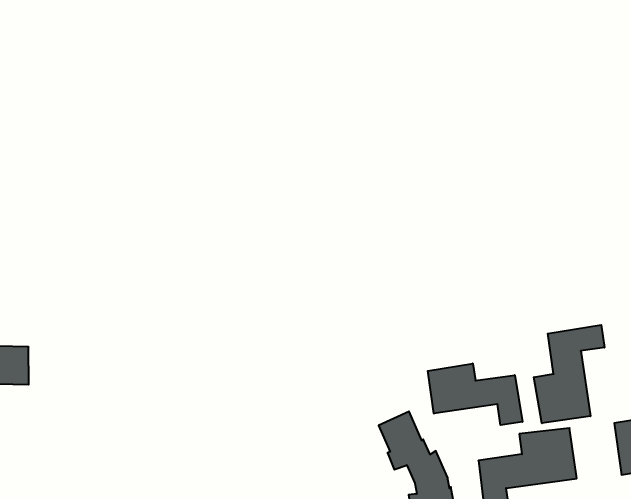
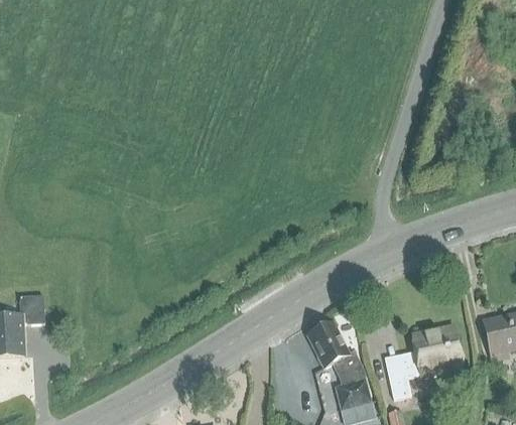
building: [534,325,604,423] -> none
building: [428,363,522,425] -> none

